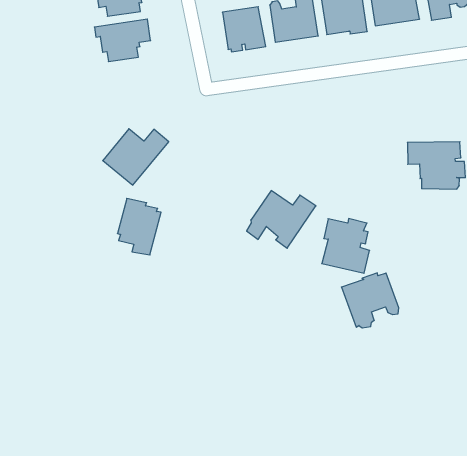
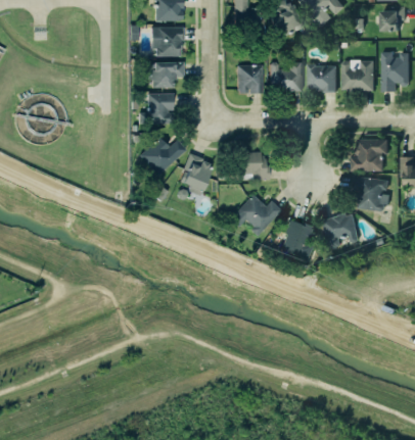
building: none -> [139,93,174,124]
building: none -> [352,139,388,172]
building: none -> [238,151,269,180]
building: [117,198,161,255] -> [180,153,213,195]
building: [341,273,399,328] -> [321,212,359,249]

